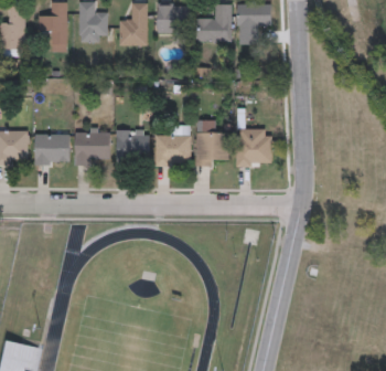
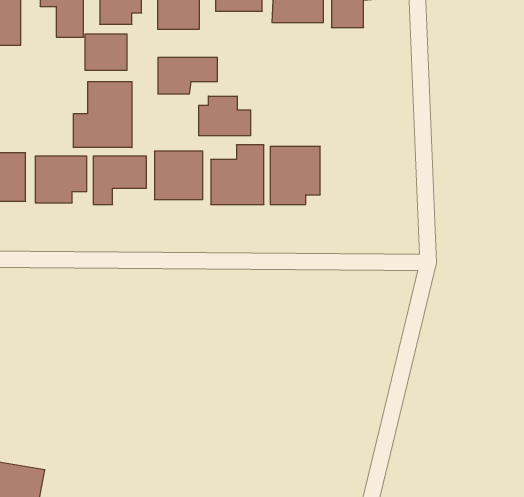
building: none -> [85,34,127,70]
building: none -> [158,57,217,94]
building: none -> [73,82,132,148]
building: none -> [199,96,251,136]
building: [236,128,271,166] -> none

